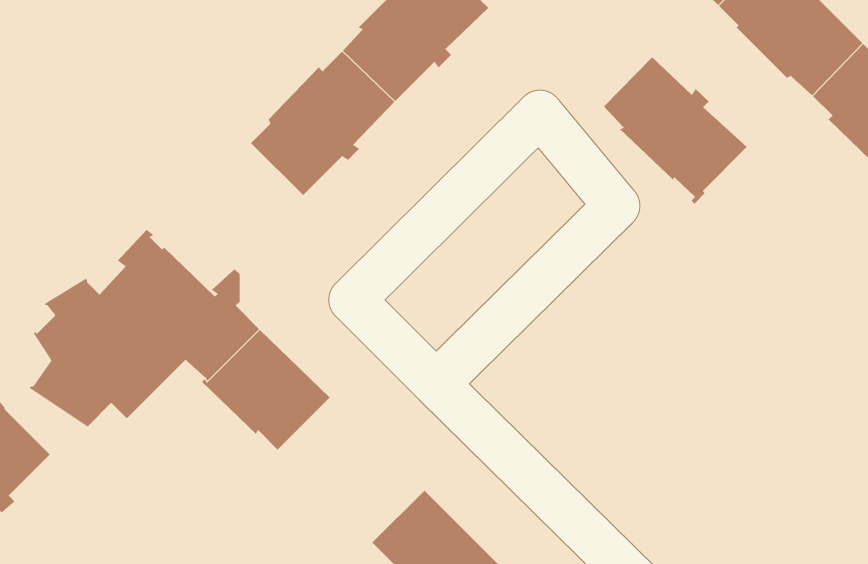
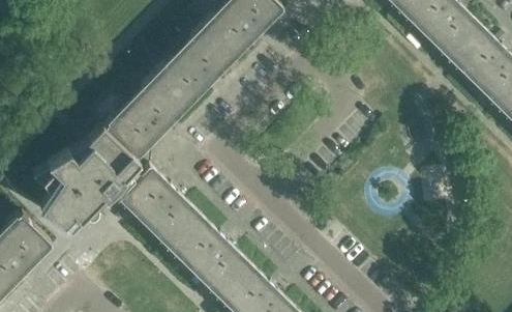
building: [603,56,747,205] -> none
building: none -> [102,79,183,160]
building: none -> [170,214,247,290]

